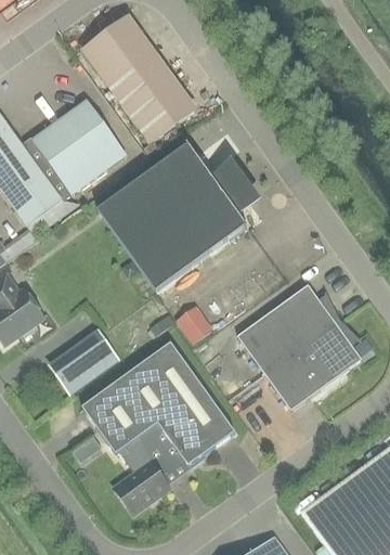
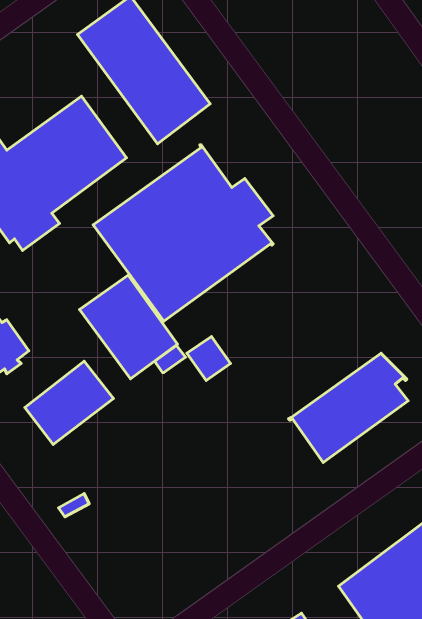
building: none -> [80,275,178,379]
building: [237,284,339,372] -> none
building: [81,341,235,513] -> none

